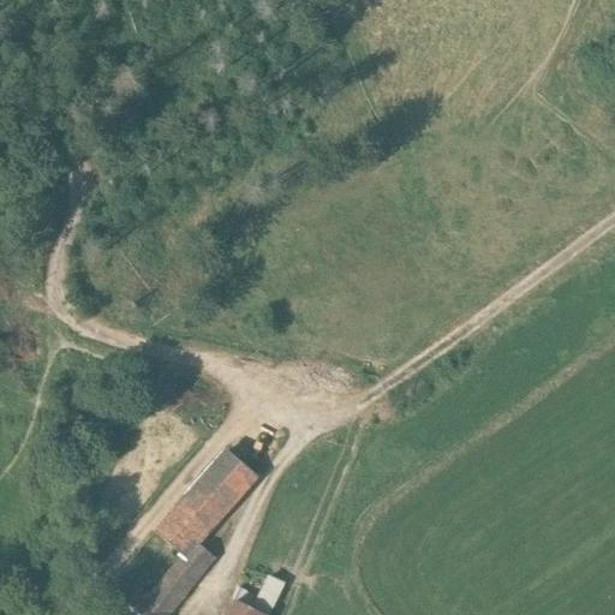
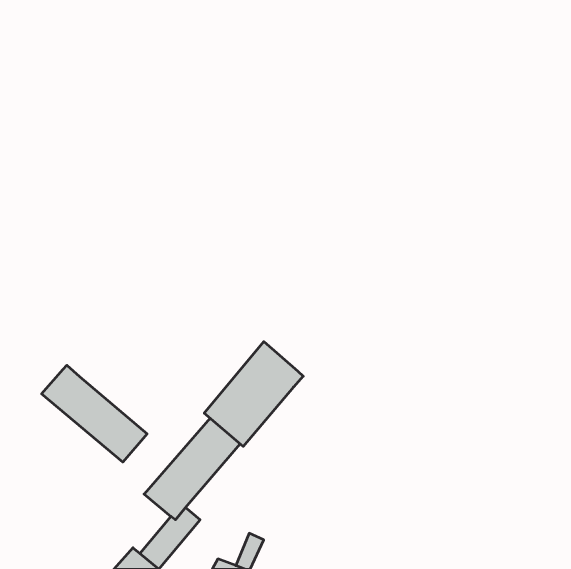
building: none -> [204,342,303,446]
building: none -> [42,365,147,462]

